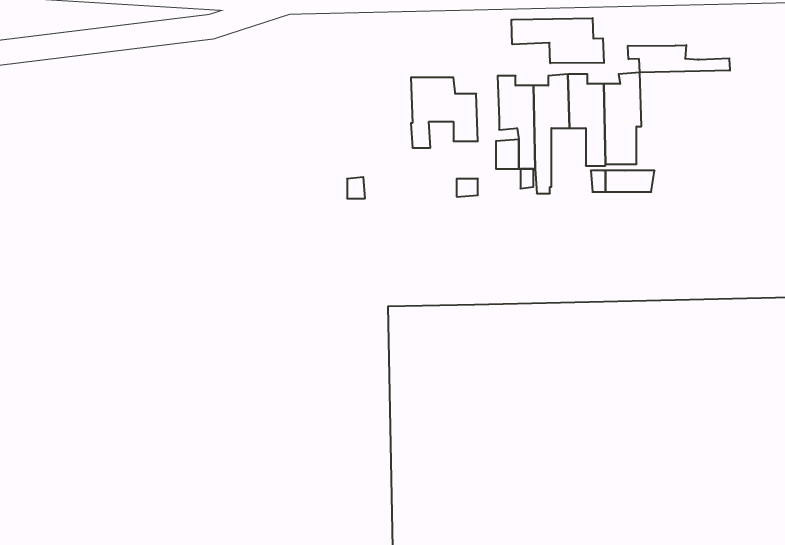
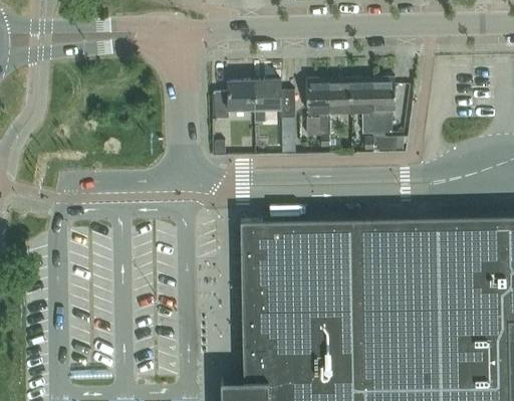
building: [511,18,604,63] -> none
building: [628,45,730,72] -> none
building: none -> [213,82,256,122]

